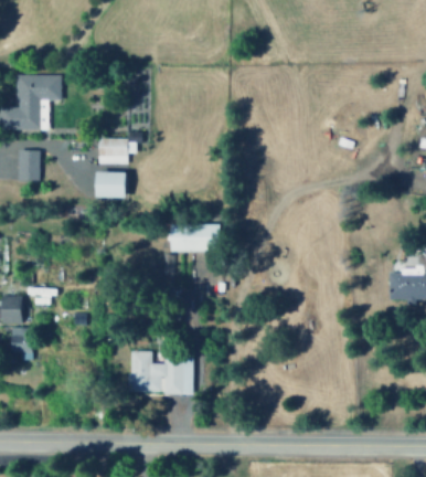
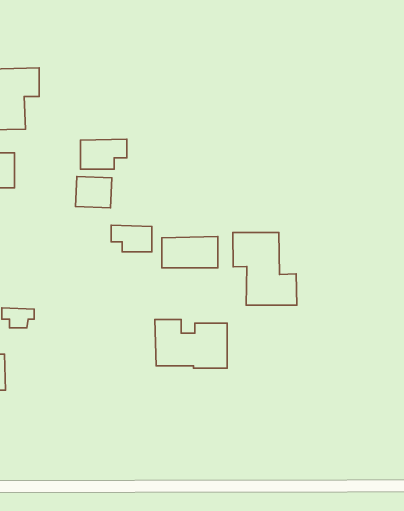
building: none -> [111,225,152,252]
building: none -> [233,232,297,305]
building: [130,352,194,395] -> [155,320,227,368]

